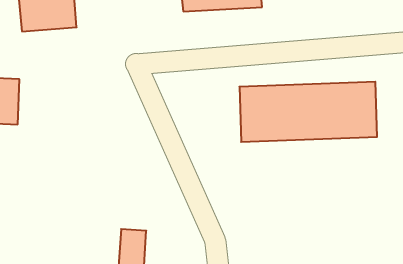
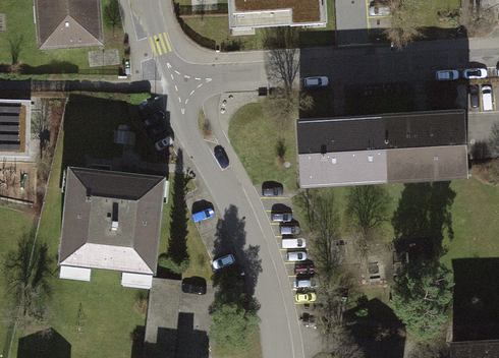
building: none -> [55,163,165,275]

